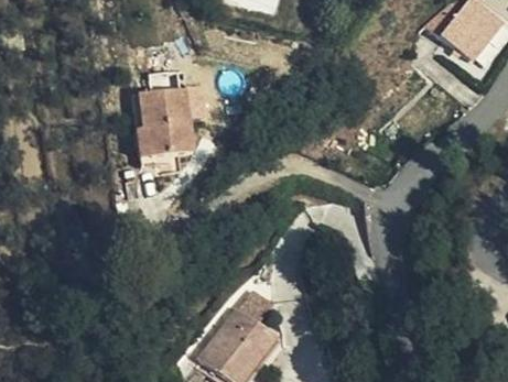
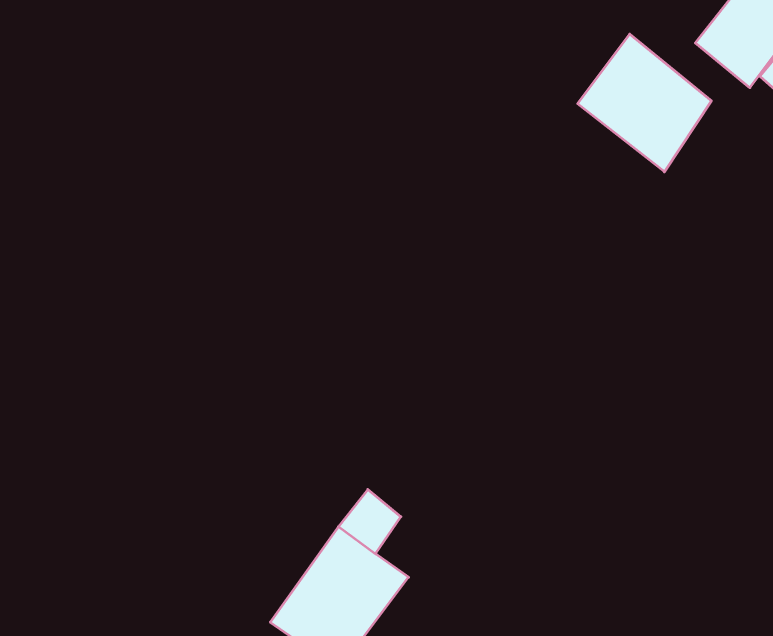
building: none -> [578,34,711,172]
building: [136,90,193,160] -> none

